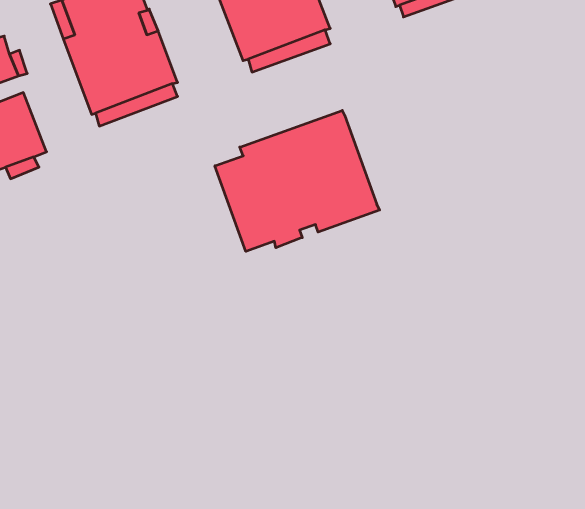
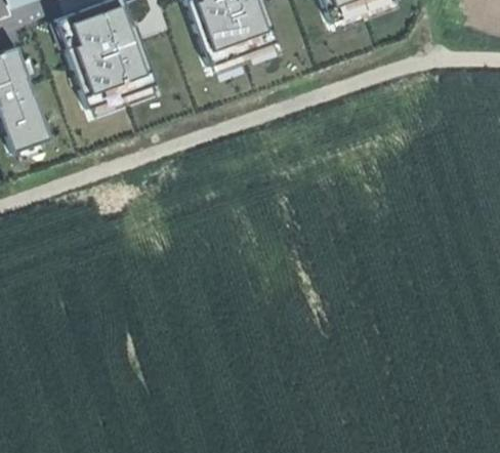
building: [215,110,380,251] -> none

